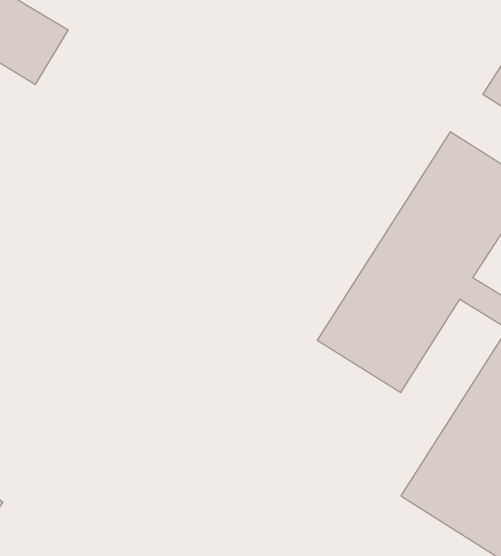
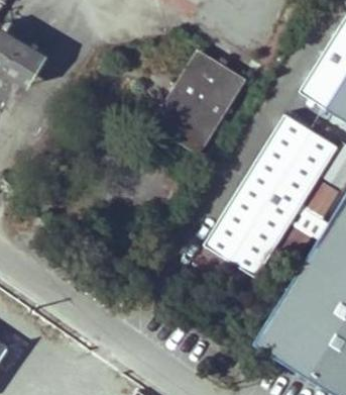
building: none -> [149,50,245,156]

